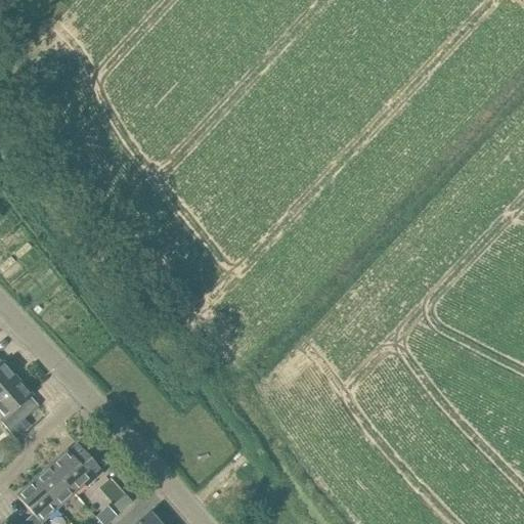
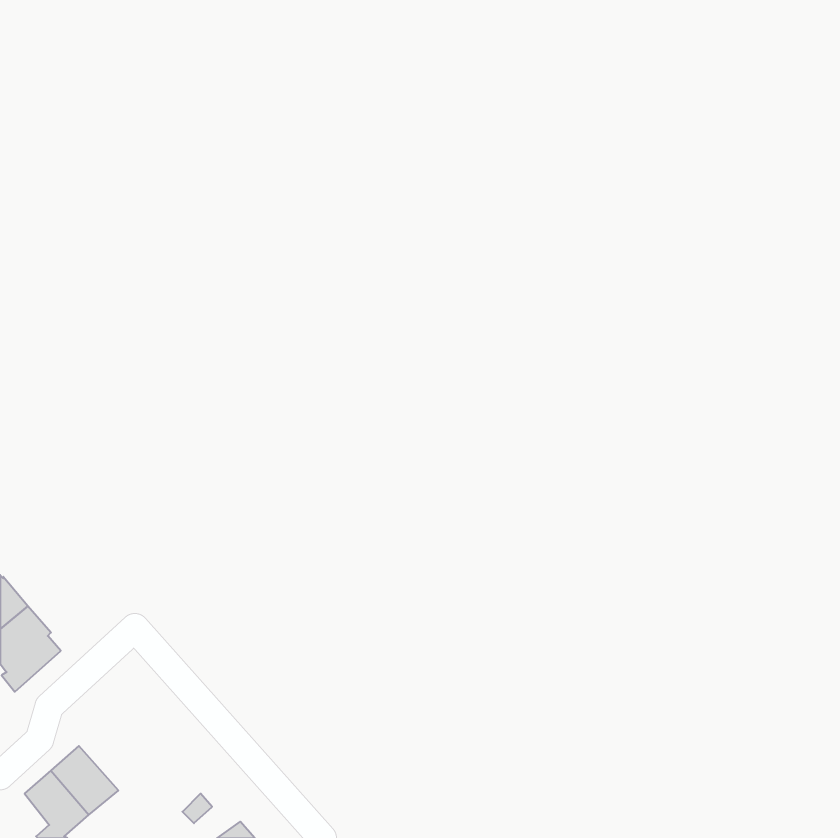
building: [49,443,102,492] -> none

